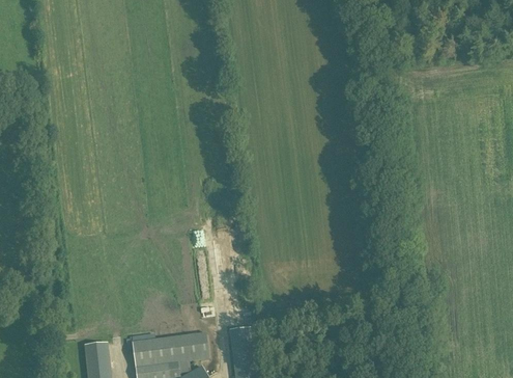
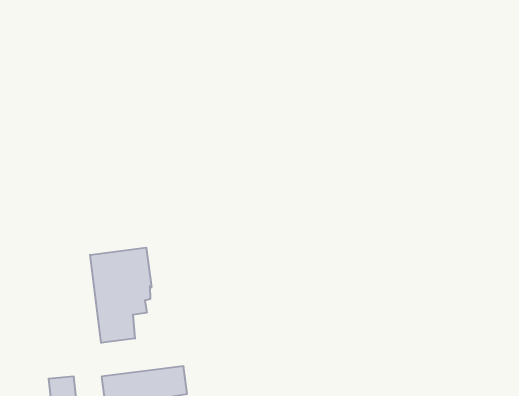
building: none -> [90,248,151,343]

